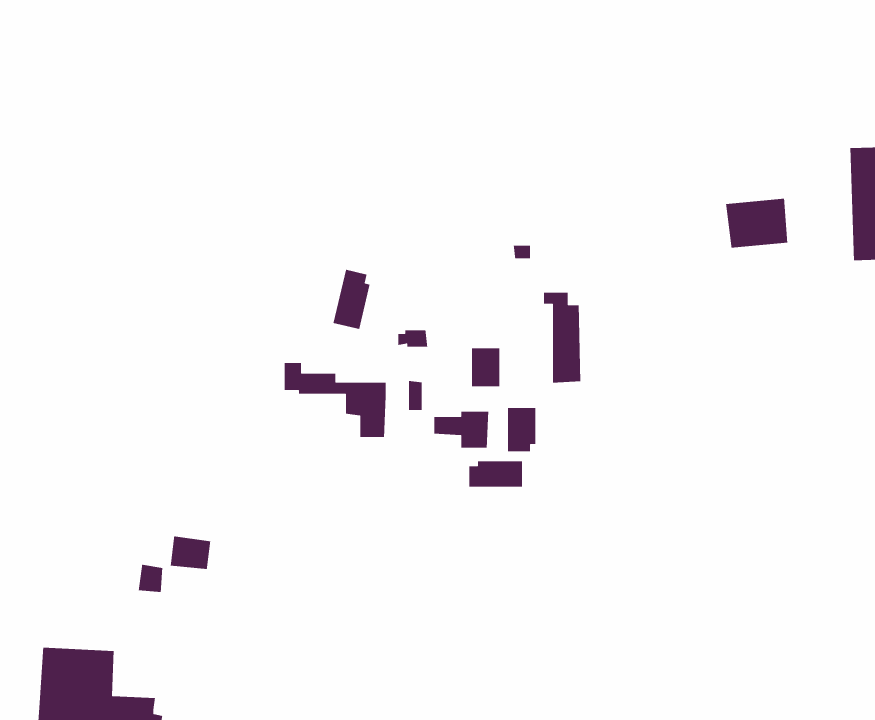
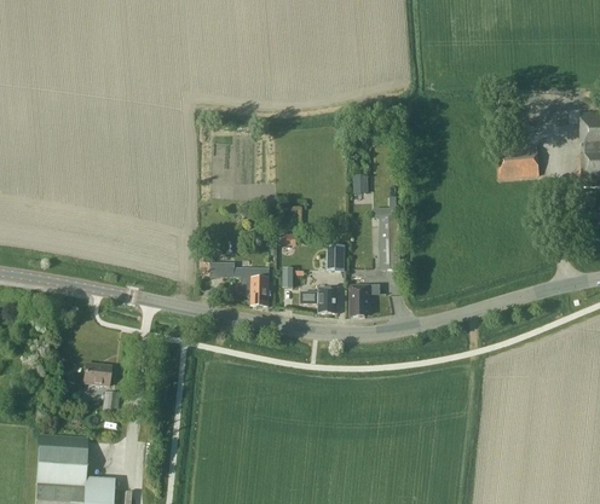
building: [333,269,370,330] -> none
building: [469,460,523,487] -> none
building: [170,536,211,570] -> [83,363,111,386]

